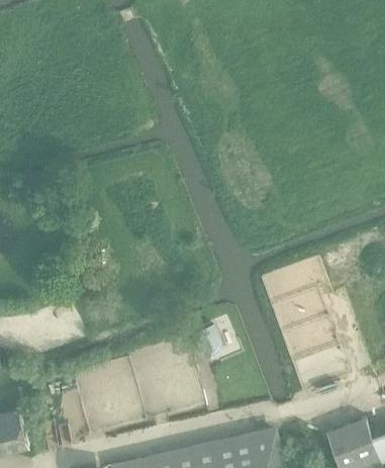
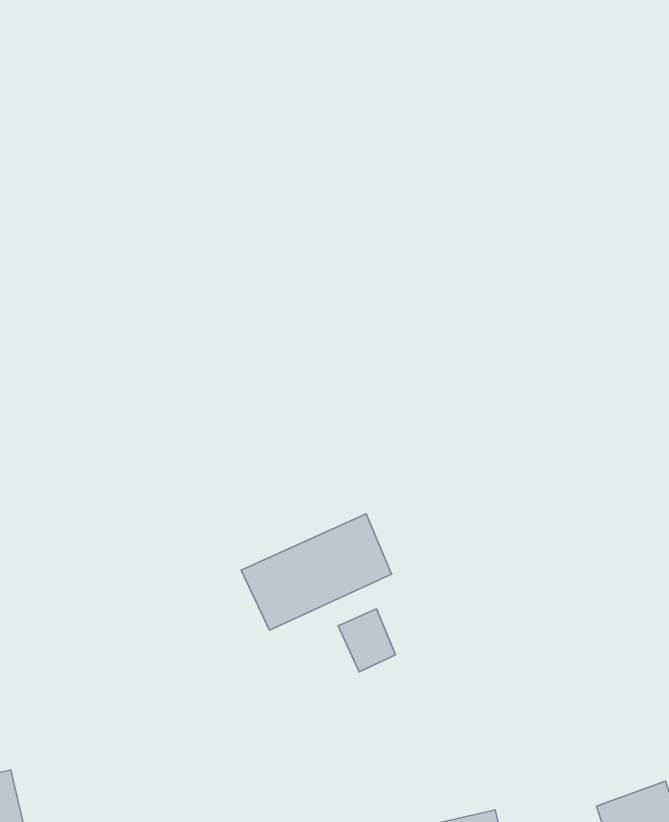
building: none -> [241,514,392,630]

